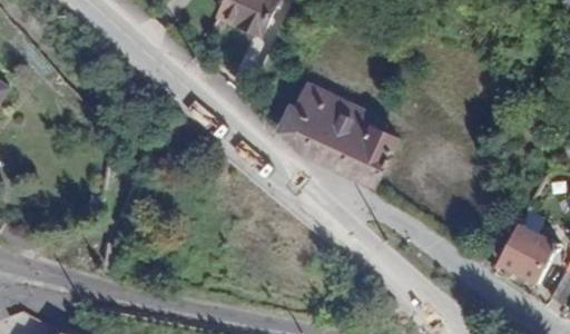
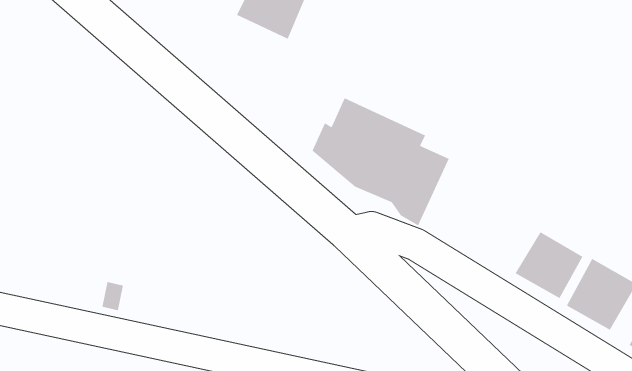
building: none -> [515,231,583,299]

